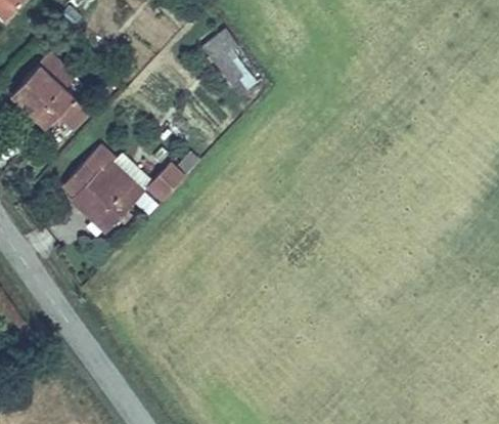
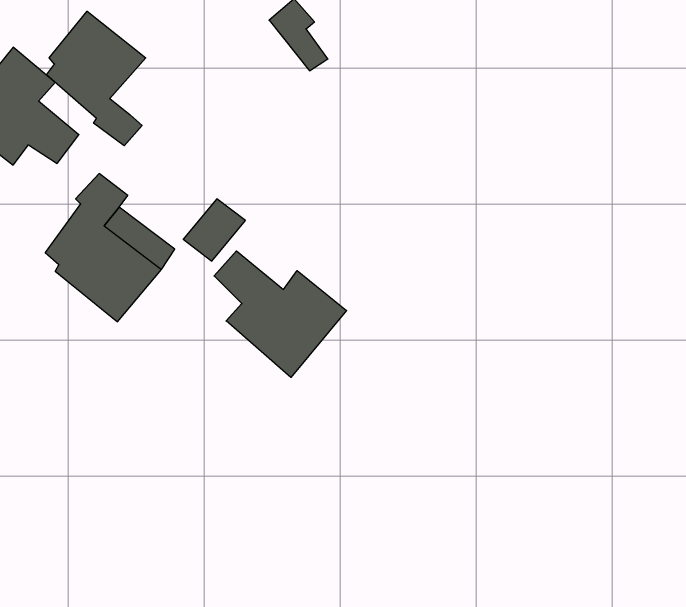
building: none -> [47,11,146,146]
building: none -> [214,251,347,377]

